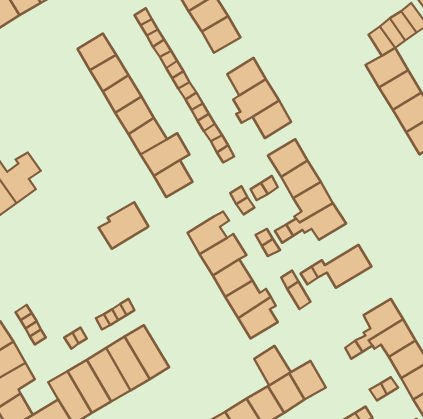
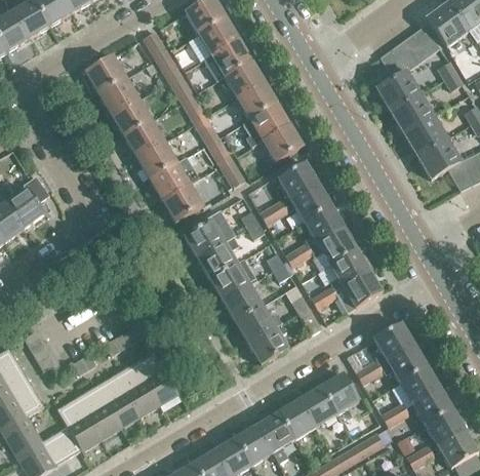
building: none -> [224,61,264,97]
building: [98,202,148,249] -> [184,210,234,257]
building: none -> [329,248,369,290]
building: [254,346,291,385] -> [321,373,358,413]

